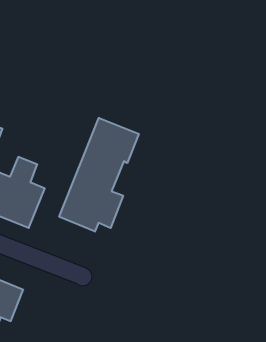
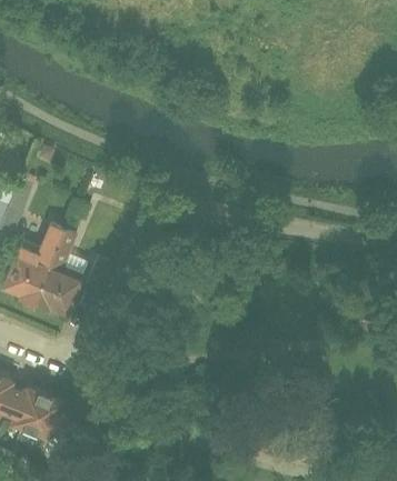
building: [59,118,139,232] -> none

